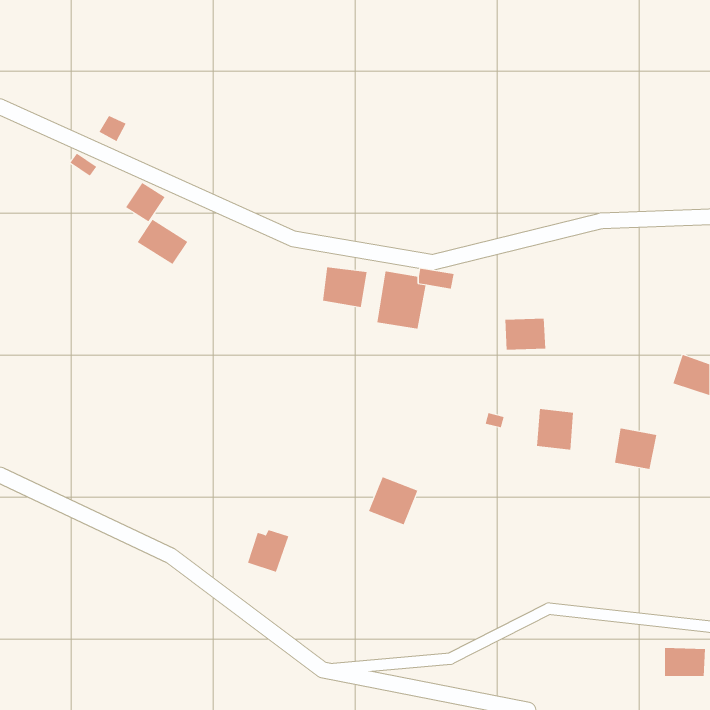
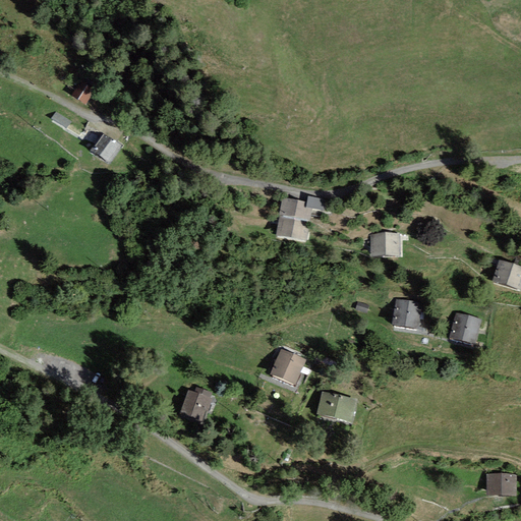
building: [137,219,188,265] -> none
building: [322,267,367,308] -> none
building: none -> [316,392,358,422]

